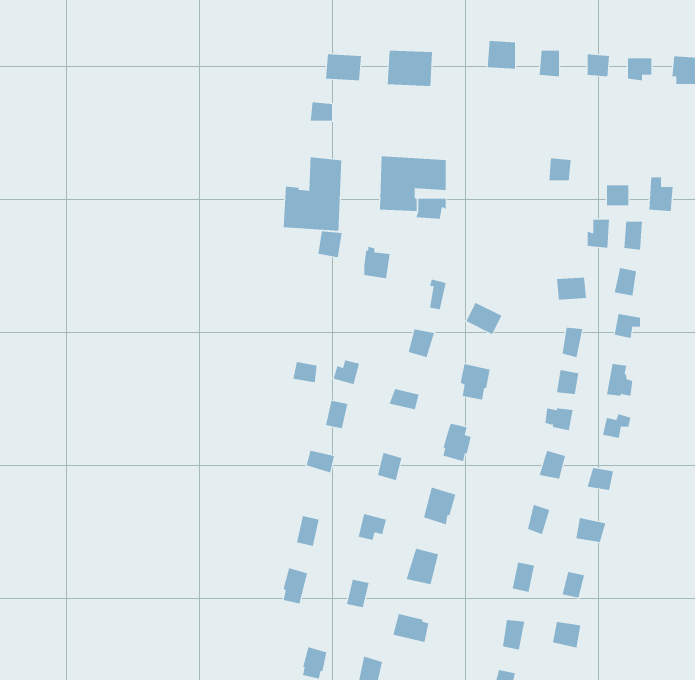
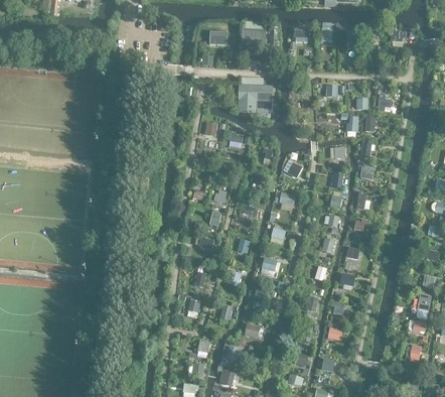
building: [283,156,342,231] -> none

